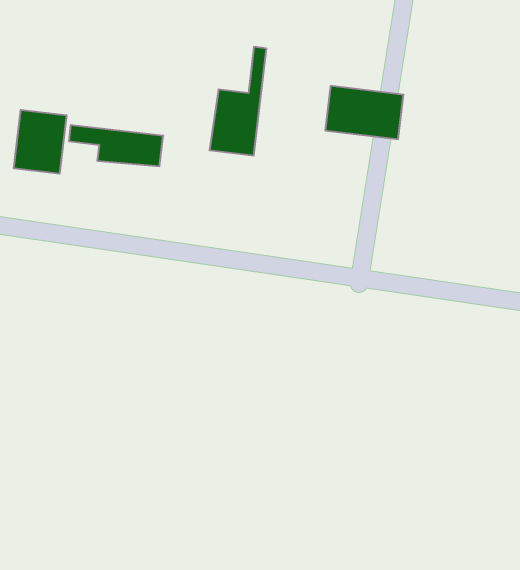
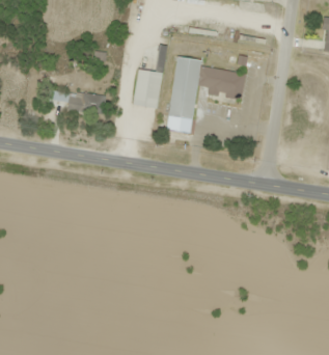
building: none -> [169,57,201,119]
building: [14,110,66,174] -> none

